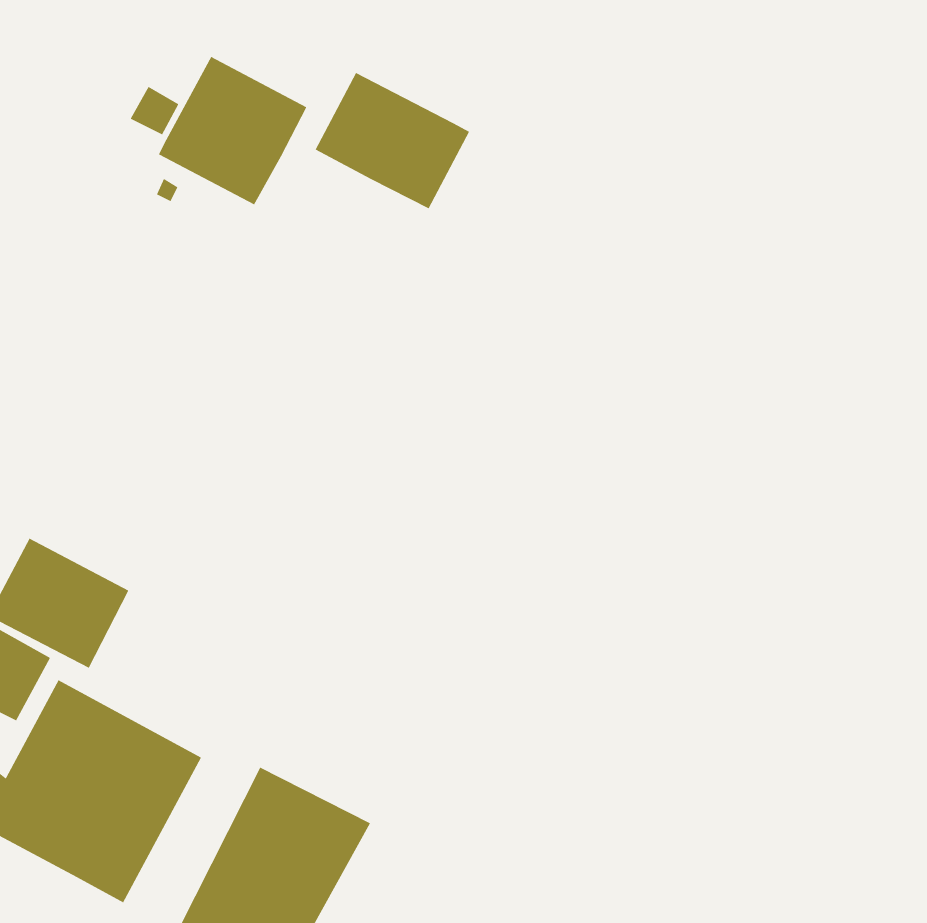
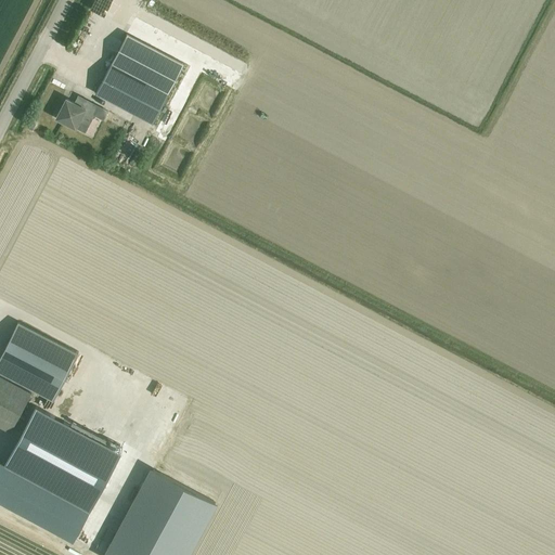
building: [315,72,470,209] -> none
building: [130,86,179,135] -> [55,101,85,130]

